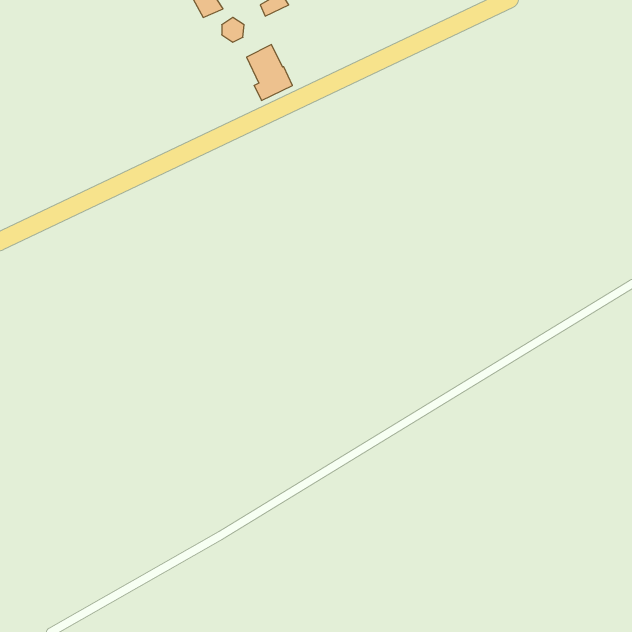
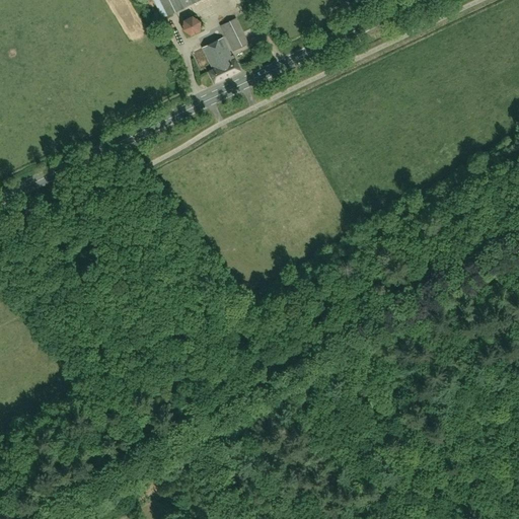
building: none -> [219,17,247,50]

